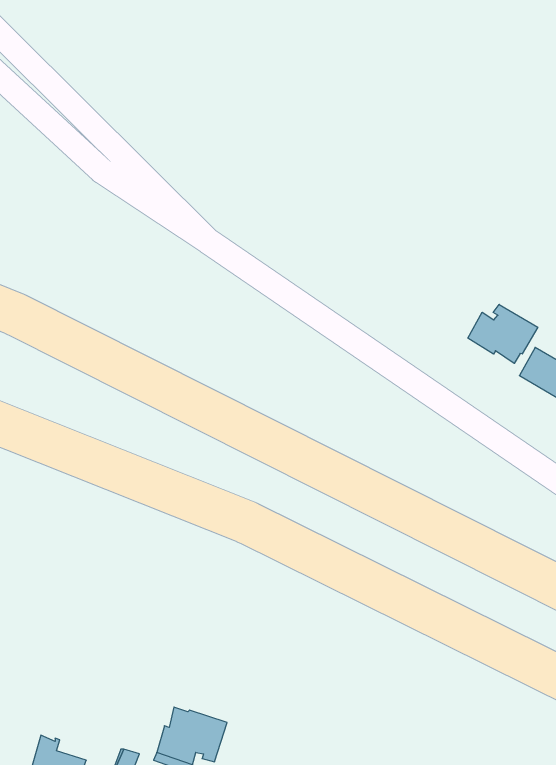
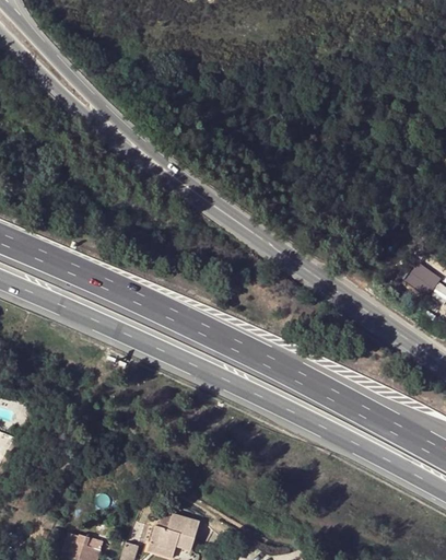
building: [468,304,538,363] -> none

